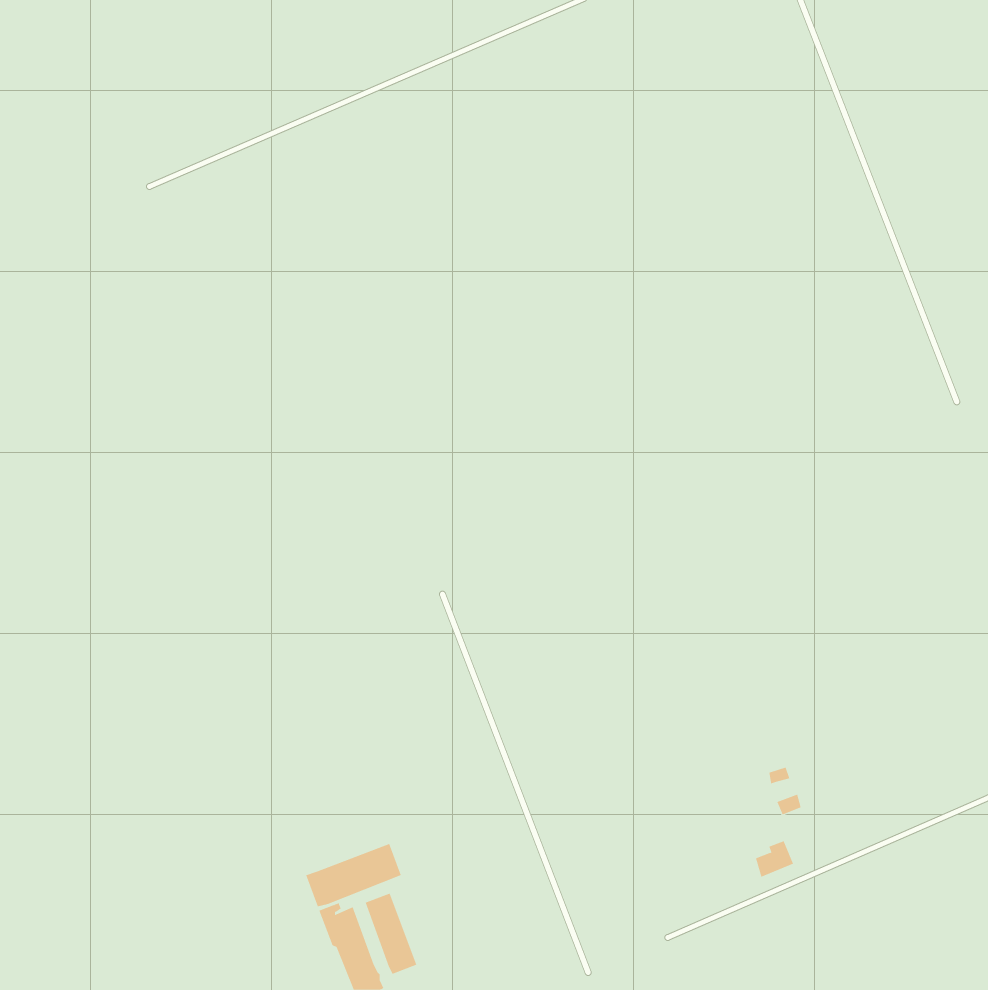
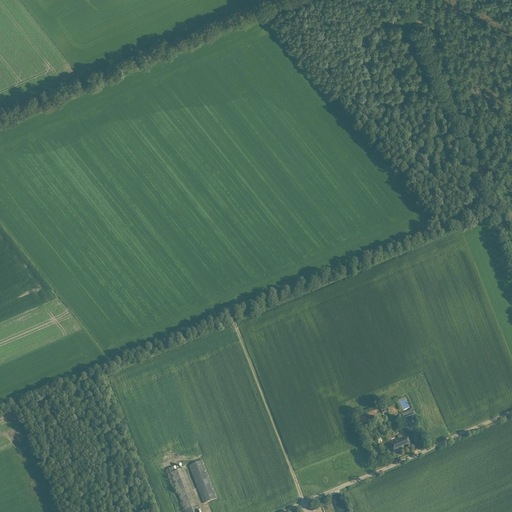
building: [306,843,401,907] -> none

